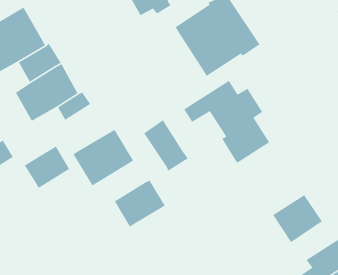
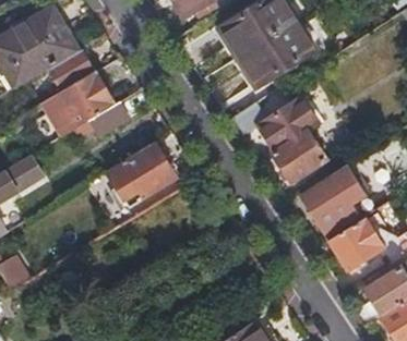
building: [143,119,189,172] -> none
building: [24,146,70,189] -> none
building: none -> [300,165,375,240]
building: [114,179,166,228] -> none

